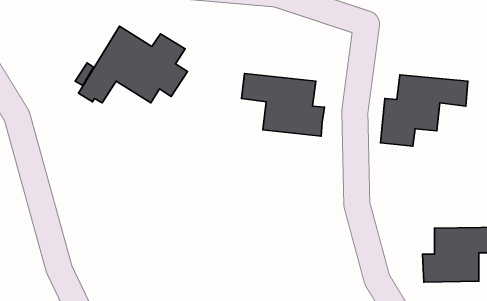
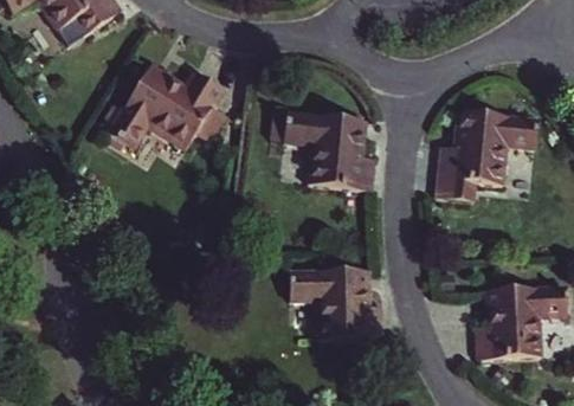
building: none -> [289,268,381,327]

